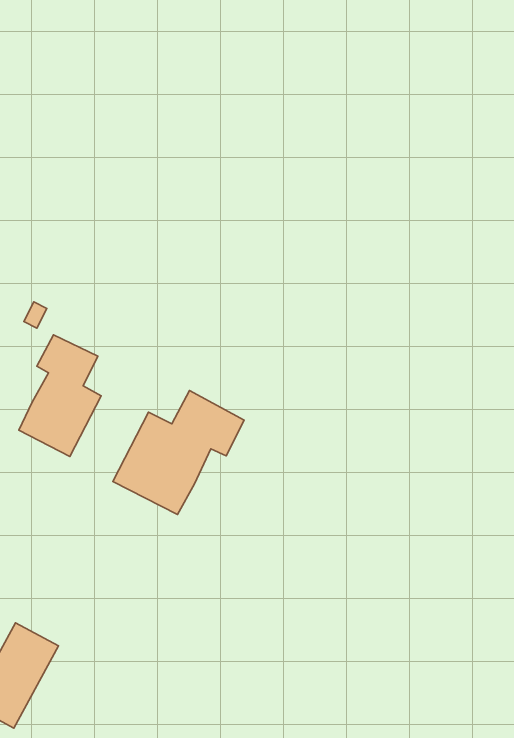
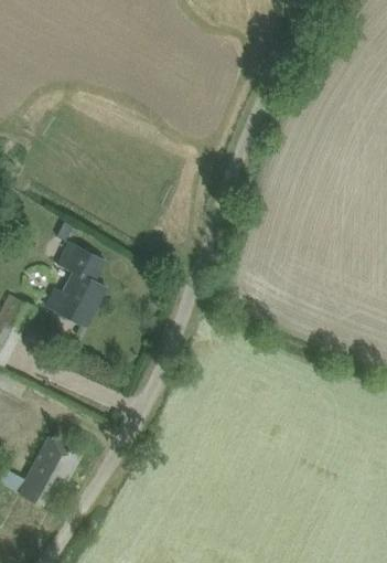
building: [113,390,244,514] -> none

